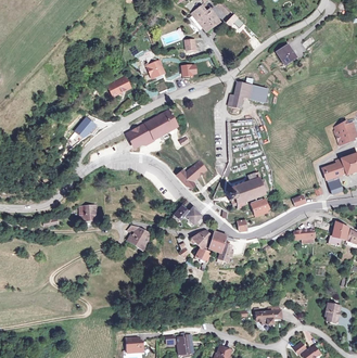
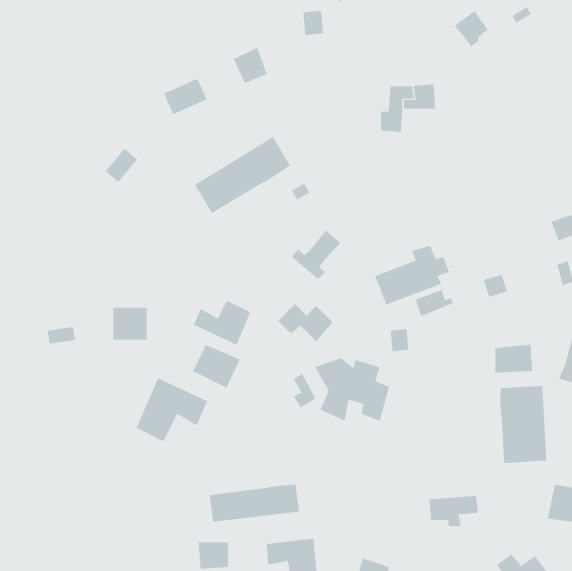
building: none -> [193,300,251,345]
building: none -> [136,377,208,442]
building: none -> [500,385,547,464]
building: none -> [209,484,299,523]

